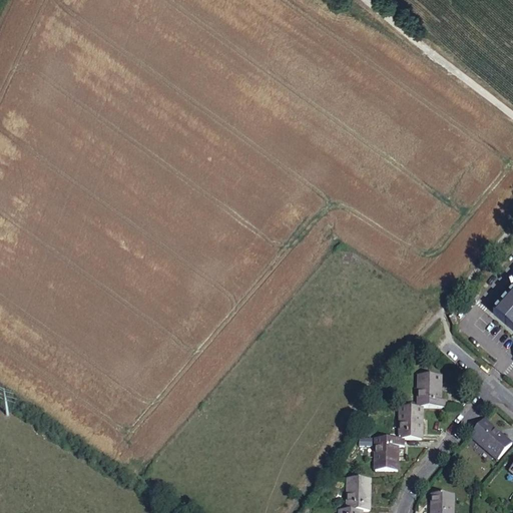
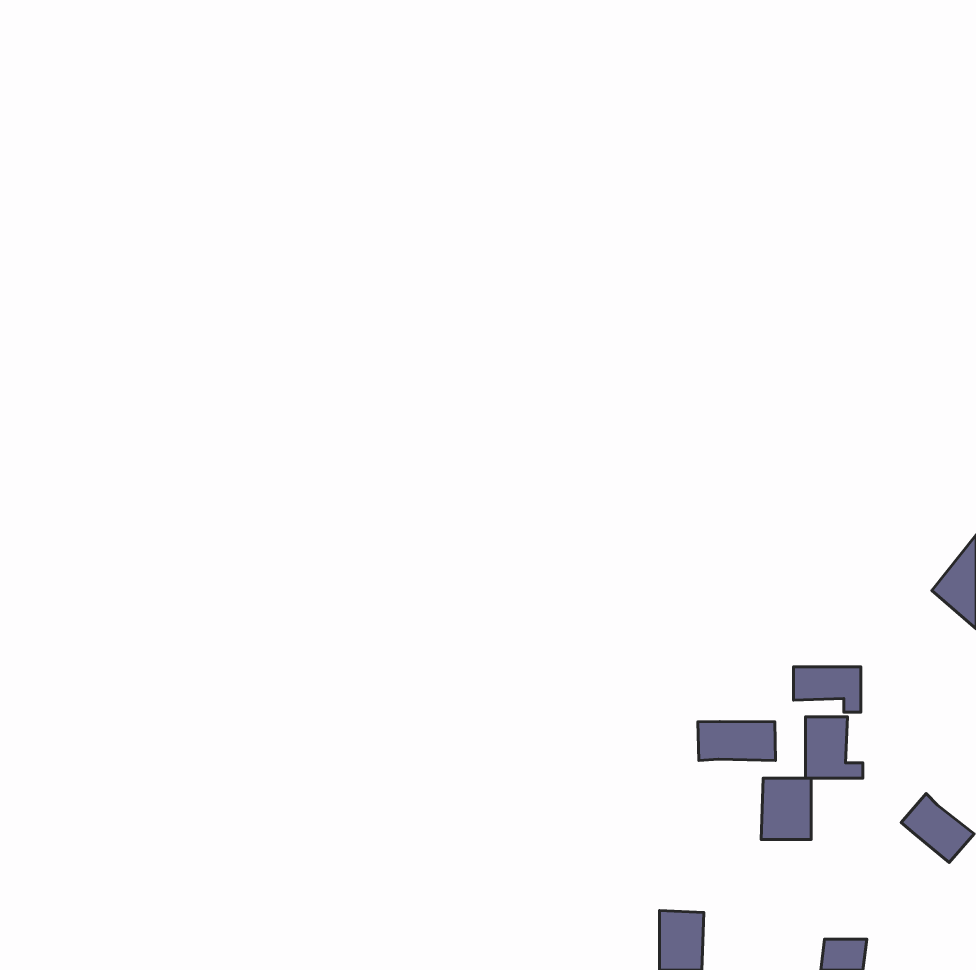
building: none -> [793,667,861,712]
building: none -> [698,722,776,761]
building: [376,438,407,470] -> none

